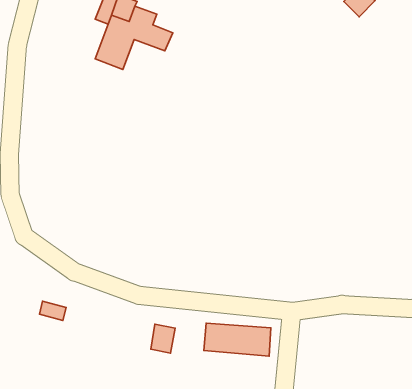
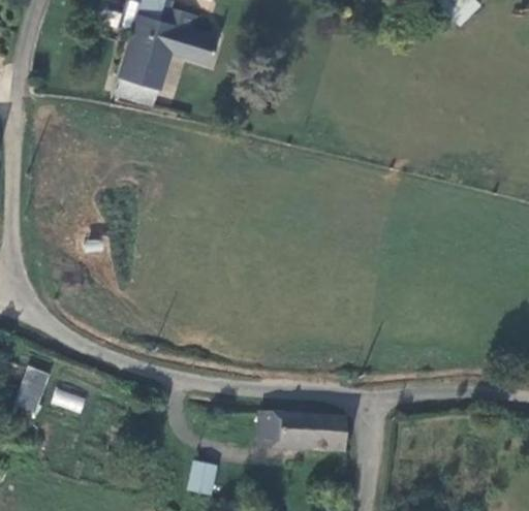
building: none -> [13,361,50,409]
building: [151,324,175,353] -> [186,454,217,491]

